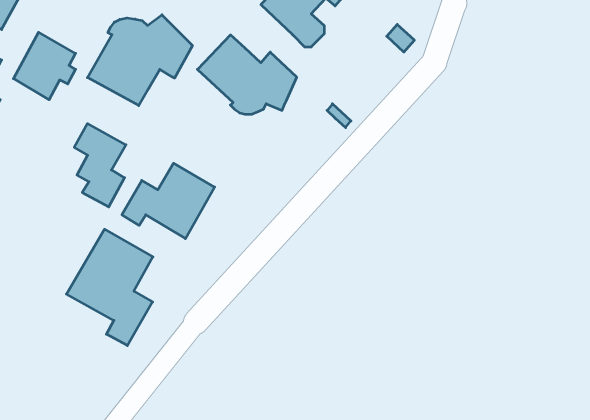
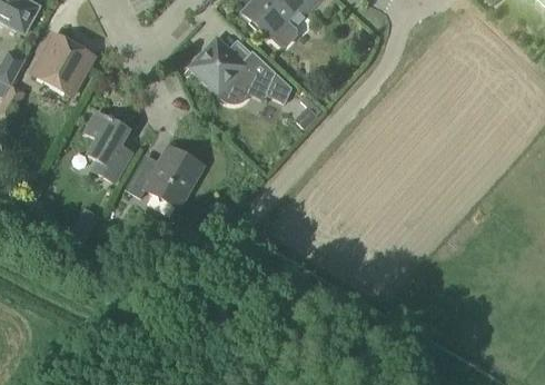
building: [87,15,192,106] -> none
building: [66,229,153,346] -> none

